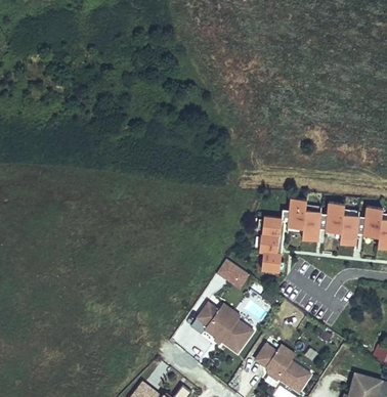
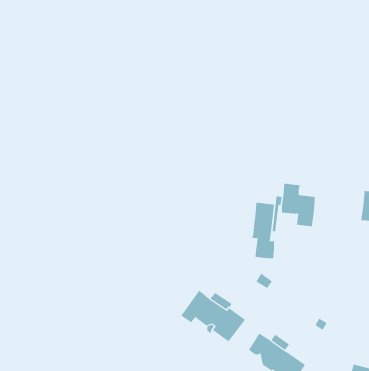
building: [326,204,359,245] -> none
building: [215,258,249,286] -> none

